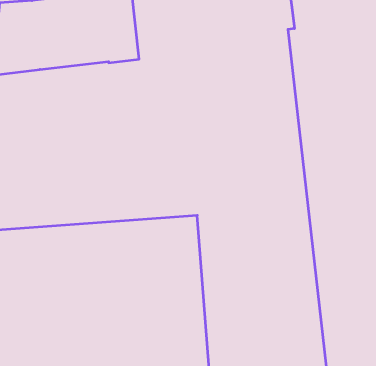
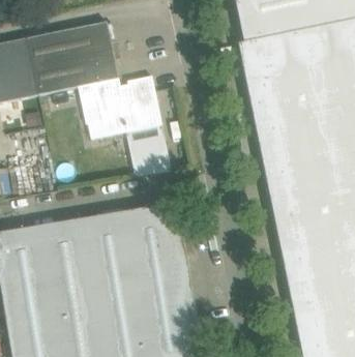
building: none -> [82,75,162,138]
building: none -> [129,140,168,176]

